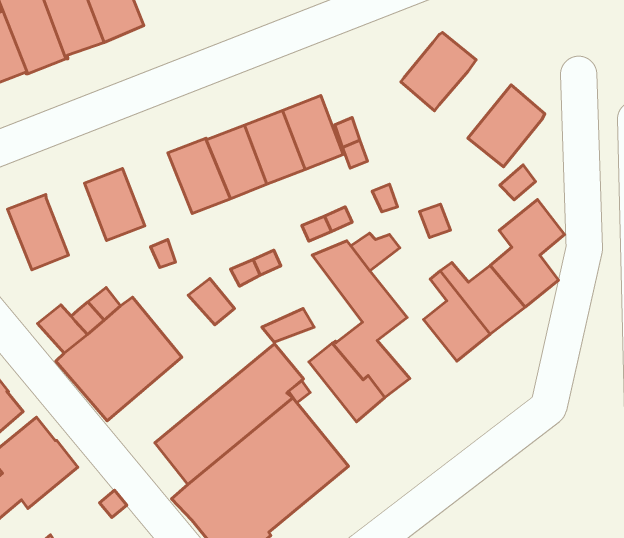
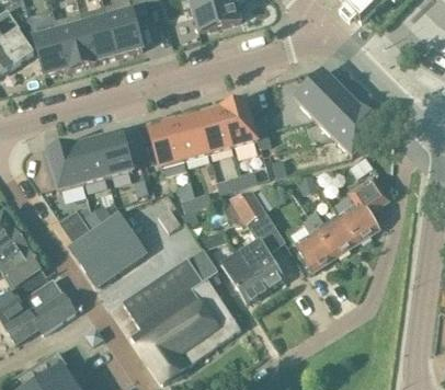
building: none -> [313,89,362,136]
building: none -> [72,139,106,182]

